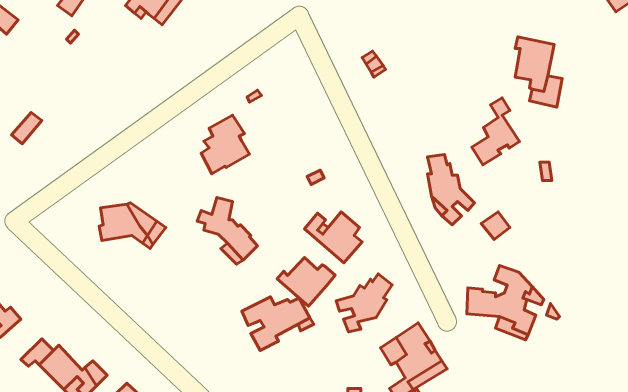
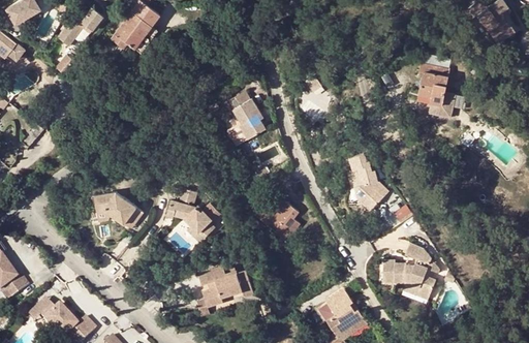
building: [472,98,519,165] -> none
building: [201,115,250,174] -> [224,98,262,145]
building: [277,258,335,306] -> none
building: [336,274,392,332] -> none

